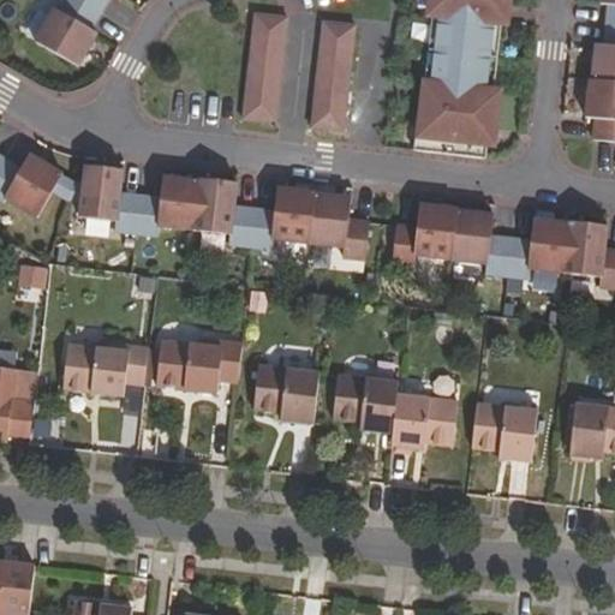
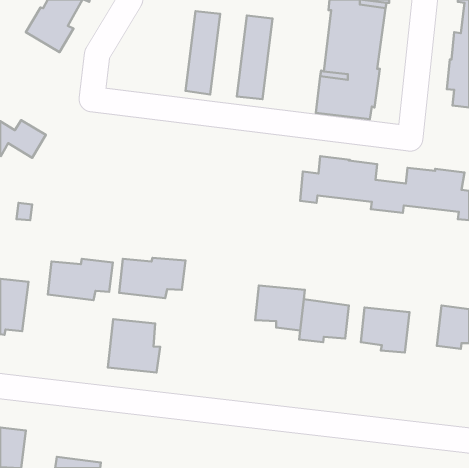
building: [78,165,368,261] -> none
building: [255,365,318,423] -> none
building: none -> [108,319,160,372]

